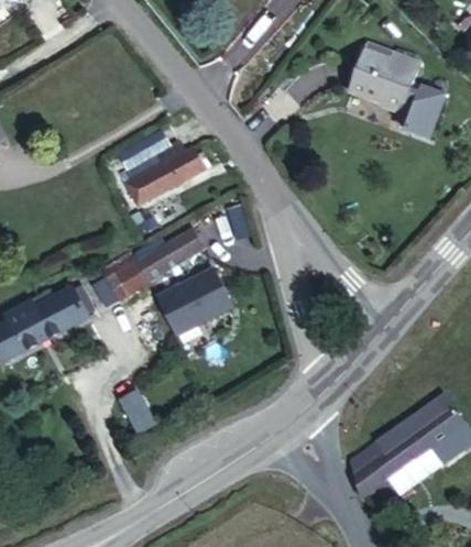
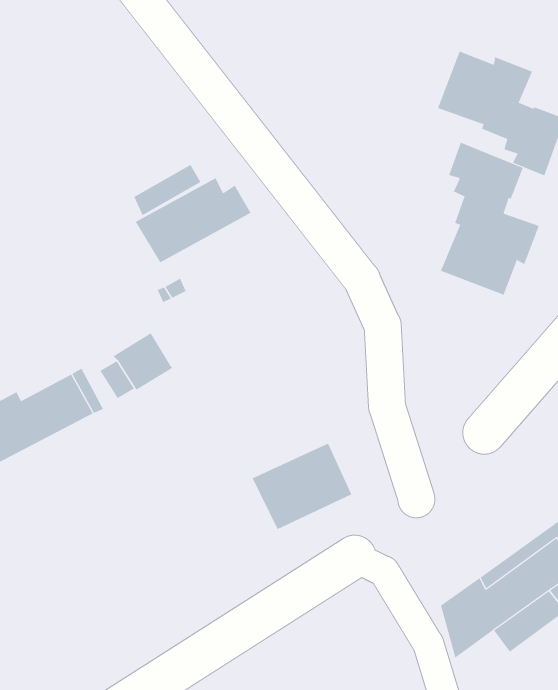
building: none -> [440,142,539,296]
building: [133,227,205,282] -> none
building: [156,271,231,336] -> [252,443,352,530]
building: [121,387,161,434] -> none

